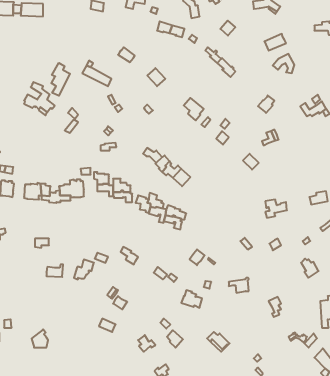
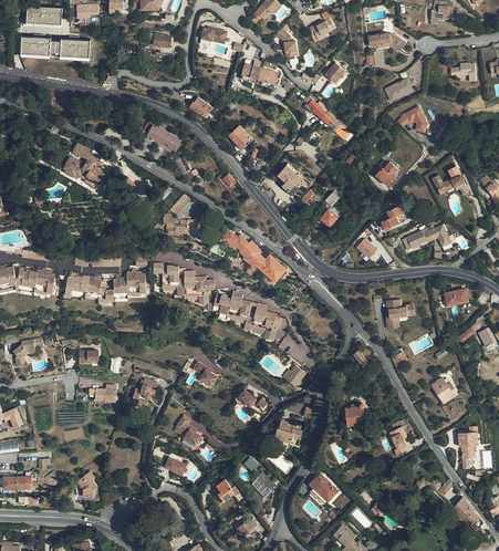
building: [51,63,70,96] -> none
building: none -> [406,225,450,246]

